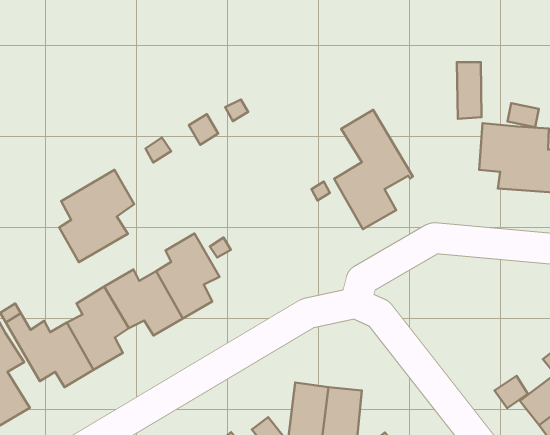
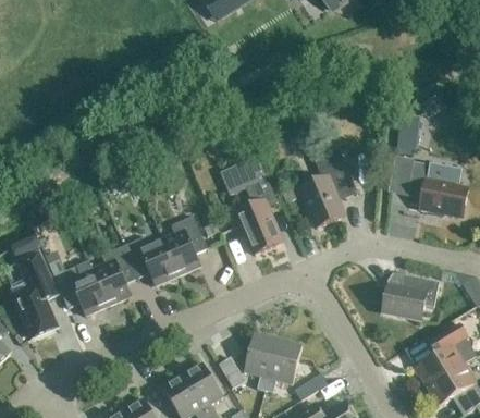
building: none -> [220,155,281,254]
building: [59,170,134,262] -> none
building: none -> [382,275,439,320]

